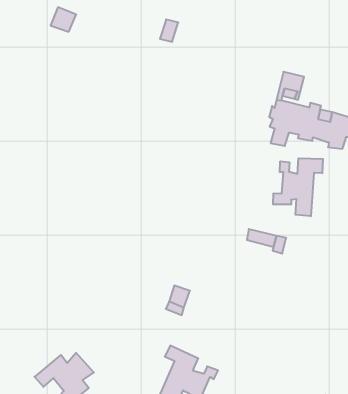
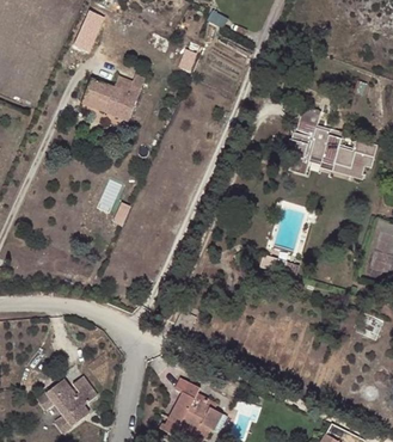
building: none -> [88,73,149,123]
building: [273,158,323,216] -> none

